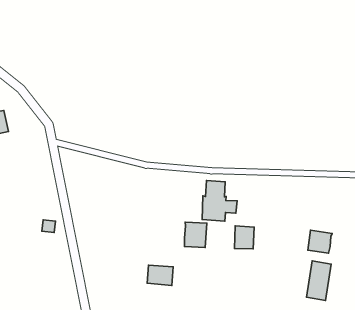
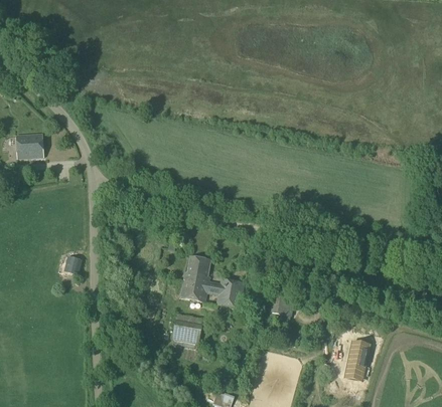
building: [202,180,237,221] -> [181,256,222,302]
building: [308,230,332,253] -> none

